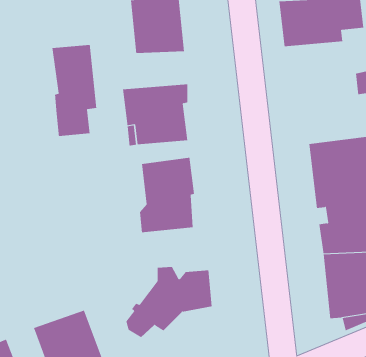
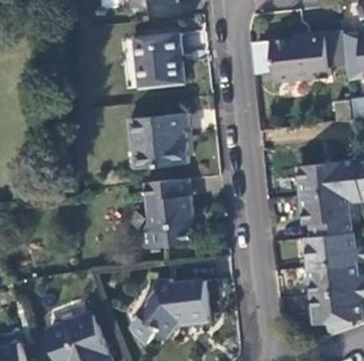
building: [52,44,97,137] -> none

